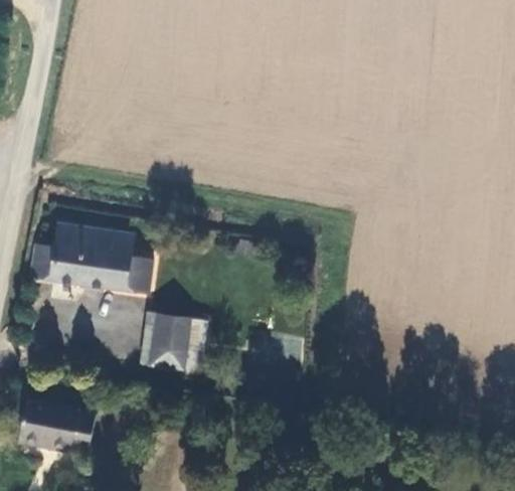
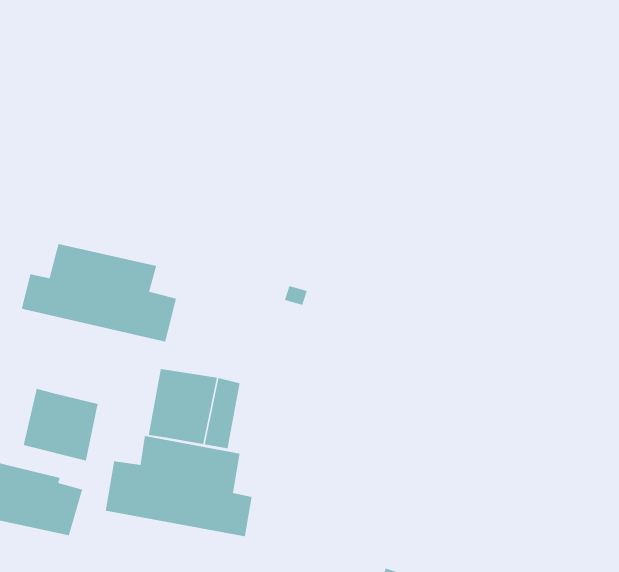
building: none -> [23,388,98,462]
building: none -> [105,435,252,537]

